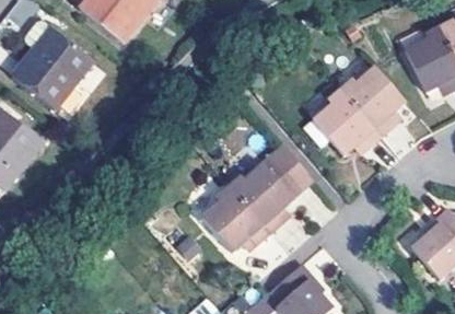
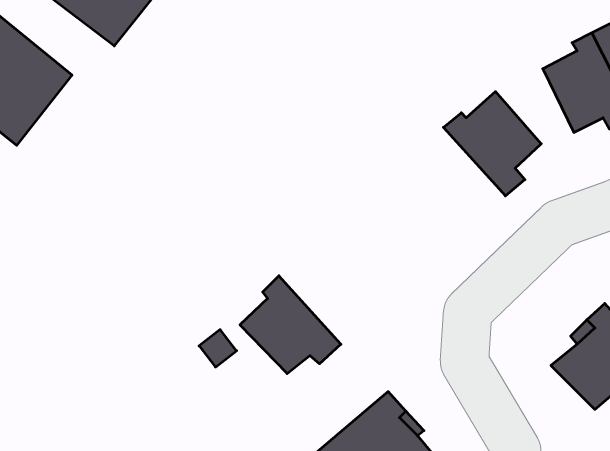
building: [306,89,381,153] -> none
building: [229,147,314,234] -> none

